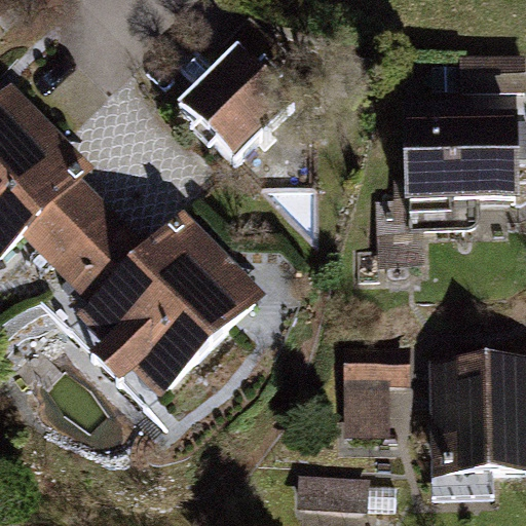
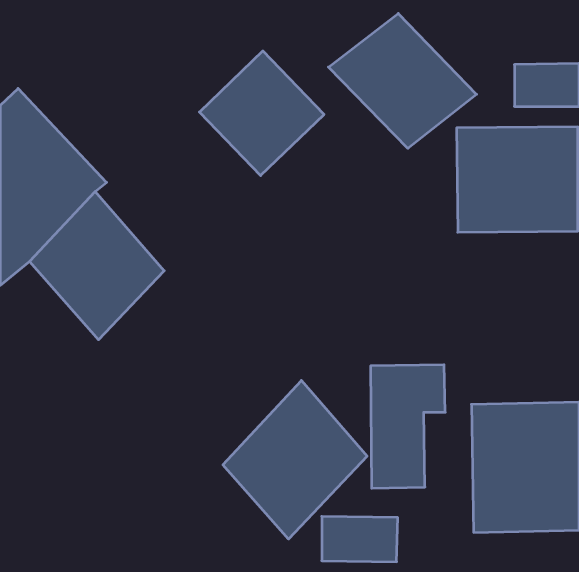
building: none -> [328,13,477,148]
building: [75,214,267,407] -> none
building: none -> [223,380,367,539]

